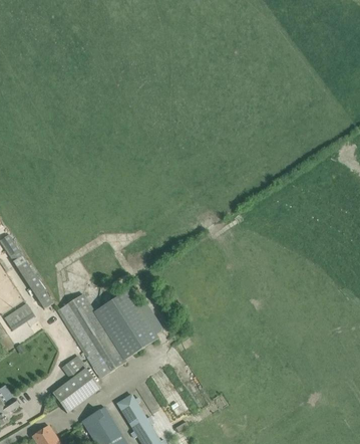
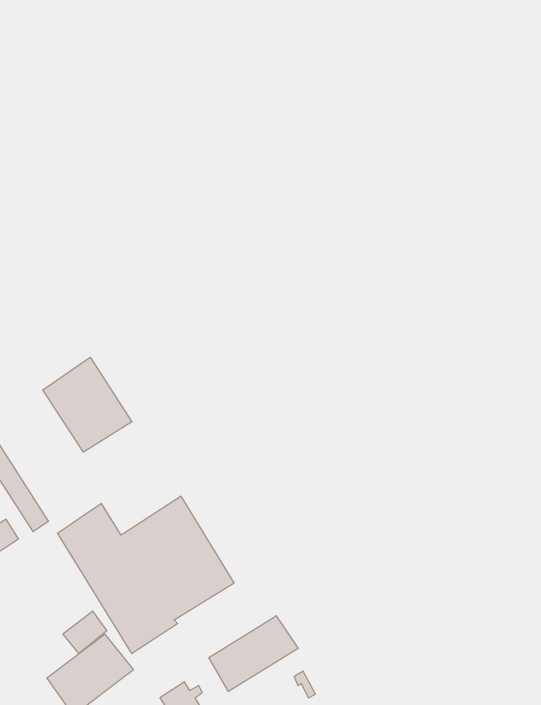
building: none -> [43,357,132,452]
building: none -> [209,616,298,691]

